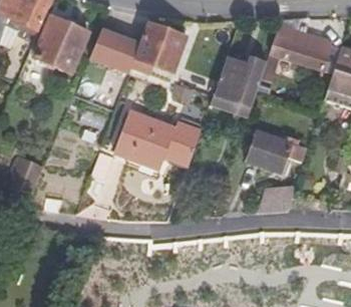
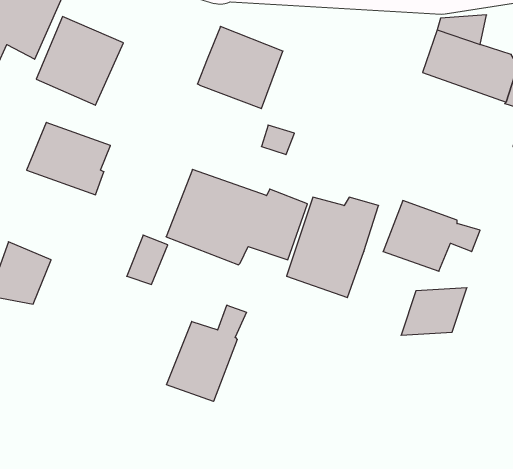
building: [88,29,139,73] -> [27,122,110,195]
building: [211,56,267,117] -> [287,197,379,298]
building: none -> [167,305,246,401]

